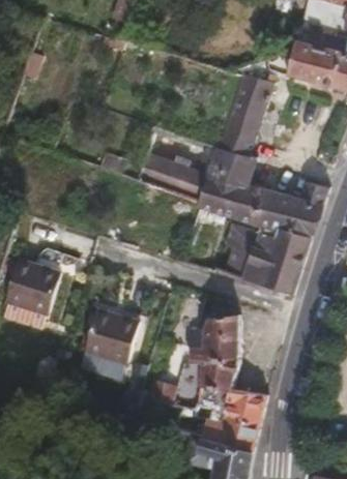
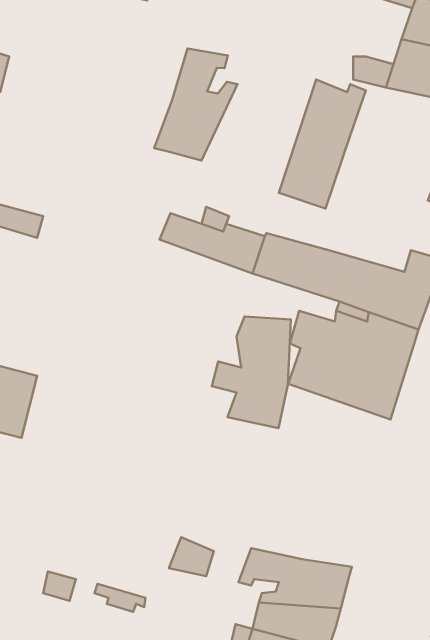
building: none -> [154,49,238,161]
building: [210,147,257,184] -> none
building: [79,306,142,378] -> none
building: [190,317,242,391] -> [212,316,291,428]

